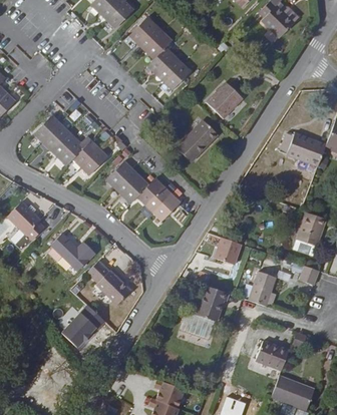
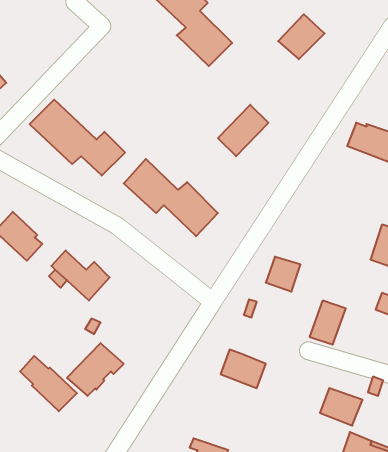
building: [207,81,243,116] -> [278,14,325,59]
building: [87,261,131,304] -> [20,356,77,411]
building: [199,286,231,321] -> none

